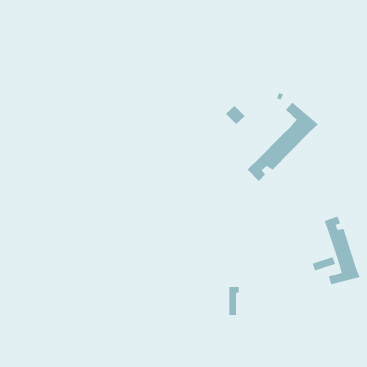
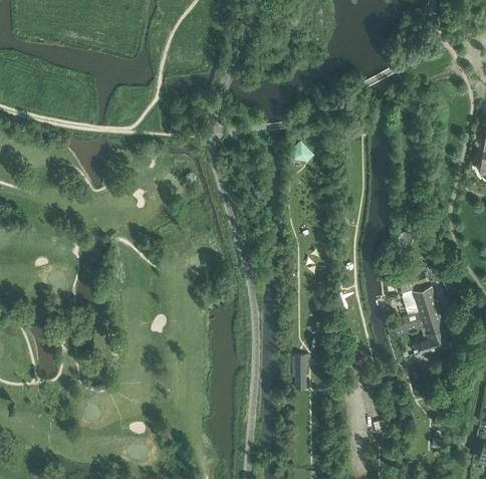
building: [247,102,319,182] -> none

